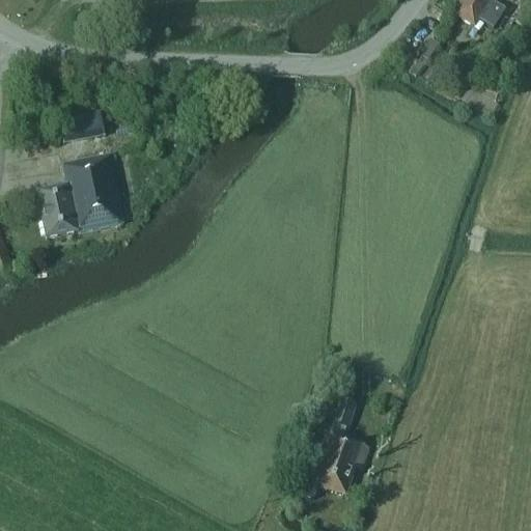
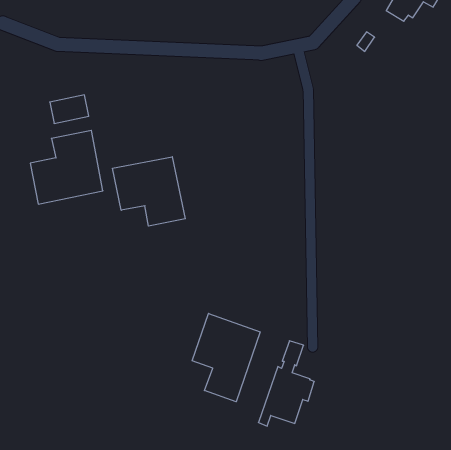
building: none -> [113,157,185,226]
building: none -> [192,313,260,402]

